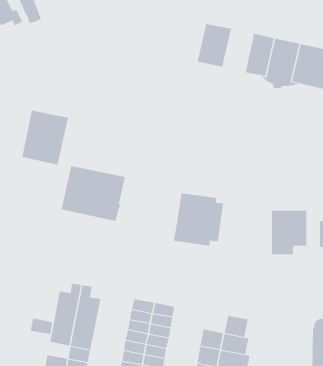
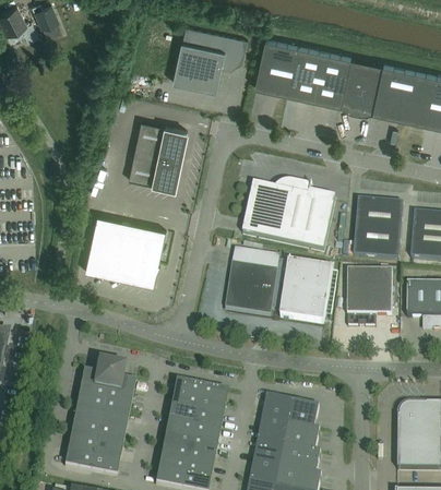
building: none -> [172,22,248,87]
building: none -> [287,41,325,96]
building: [21,110,69,165] -> [129,117,188,186]
building: none -> [242,178,336,249]
building: none -> [354,196,404,256]
building: none -> [281,259,332,321]
building: none -> [262,393,293,420]
building: [30,318,53,334] -> [68,431,96,452]

